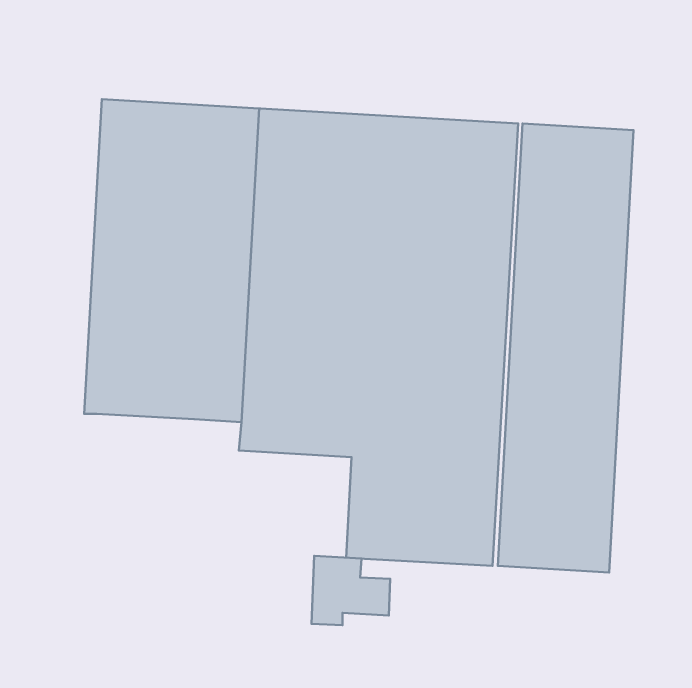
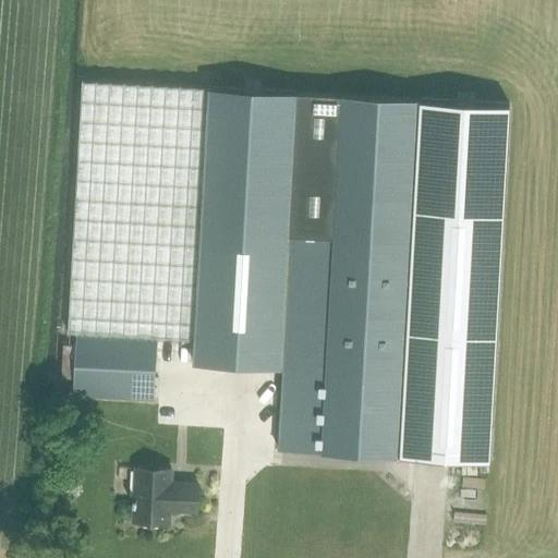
building: none -> [62,337,156,403]
building: [311,556,390,625] -> [133,469,196,524]

